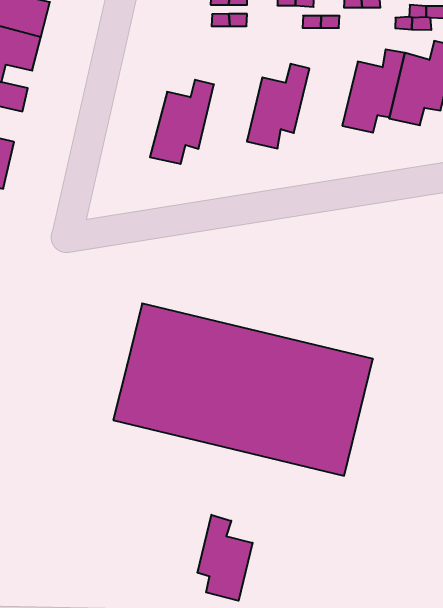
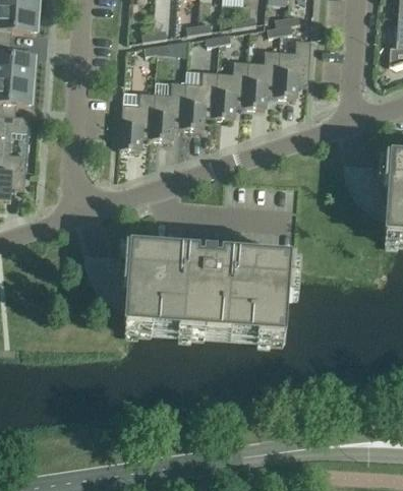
building: none -> [213,59,247,117]
building: none -> [151,80,185,138]
building: [197,515,253,601] -> none

